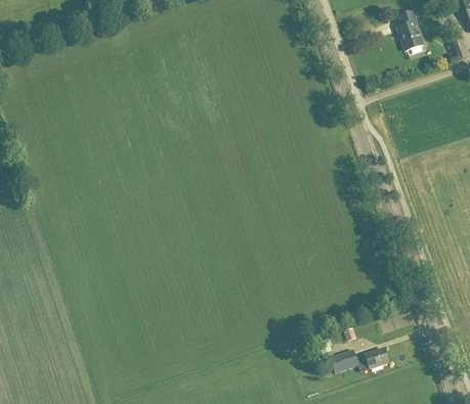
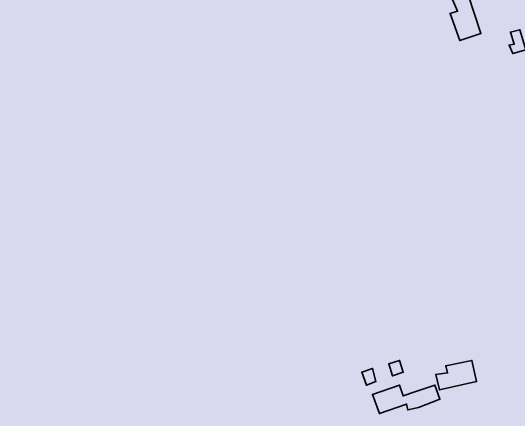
building: none -> [436,360,476,390]

